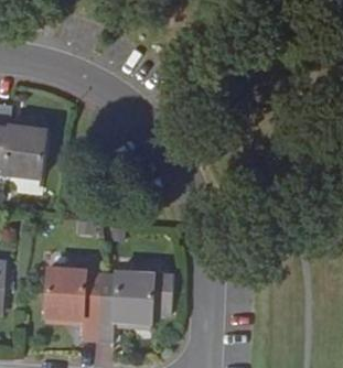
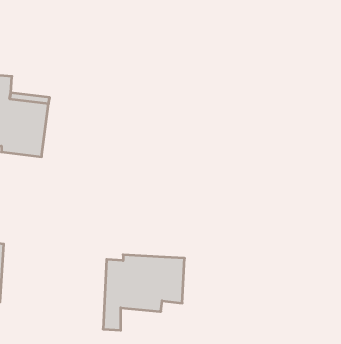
building: [45,268,100,340] -> none

